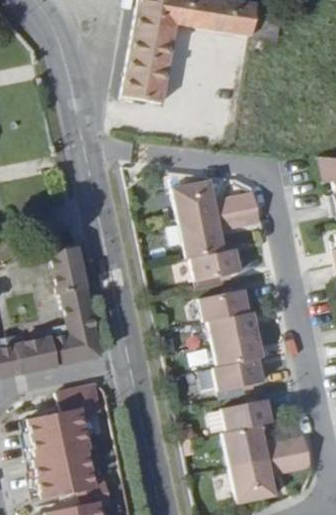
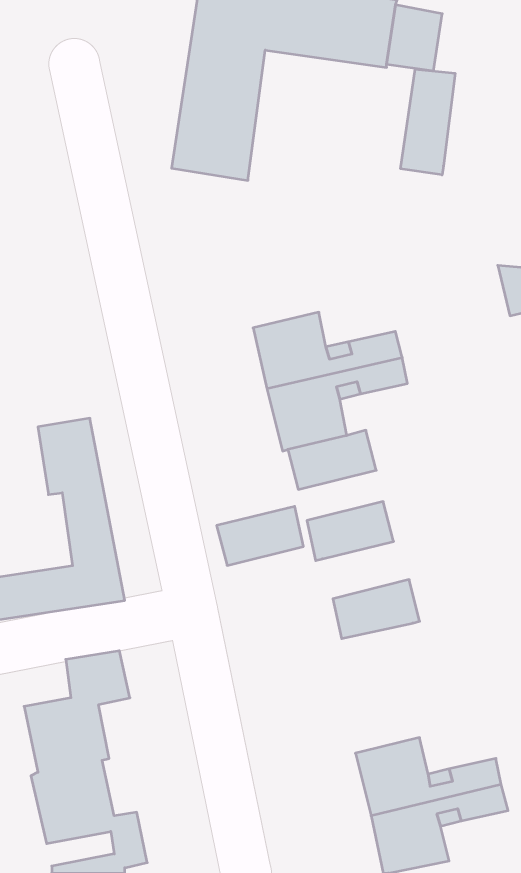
building: none -> [401,69,455,175]
building: [210,317,261,351] -> [217,506,303,565]
building: [217,365,268,398] -> none
building: [227,406,278,440] -> none

